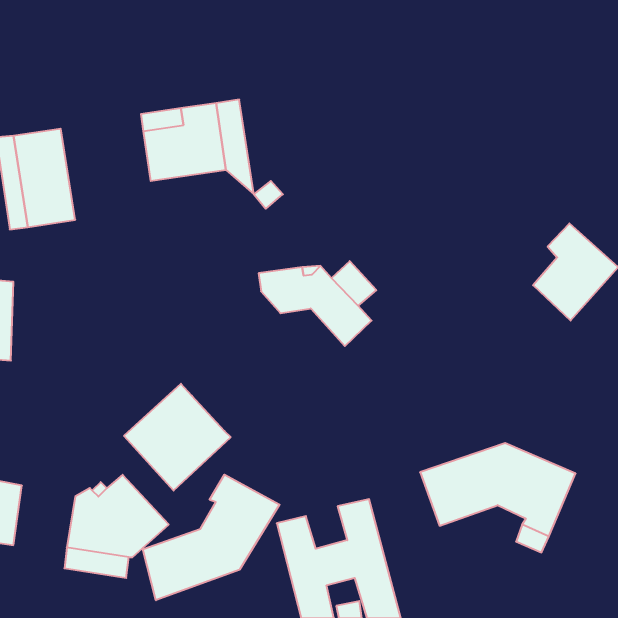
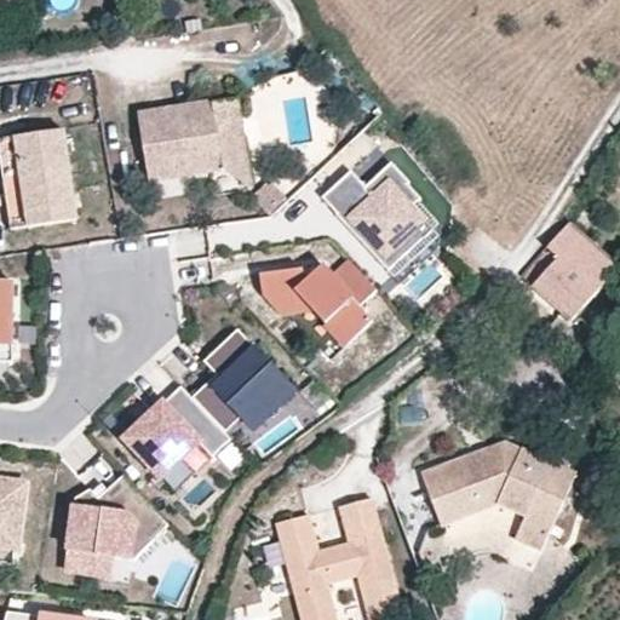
building: none -> [320,161,431,270]
building: none -> [191,327,295,430]
building: [143,475,280,600] -> none

